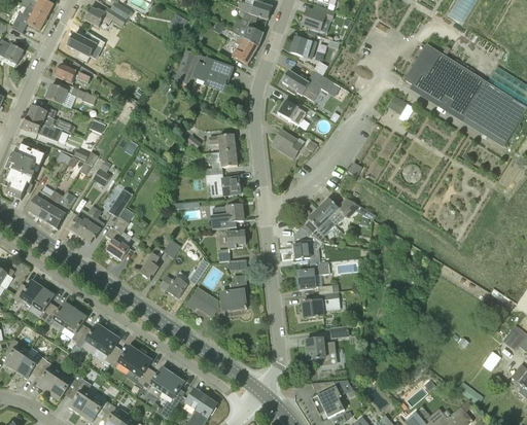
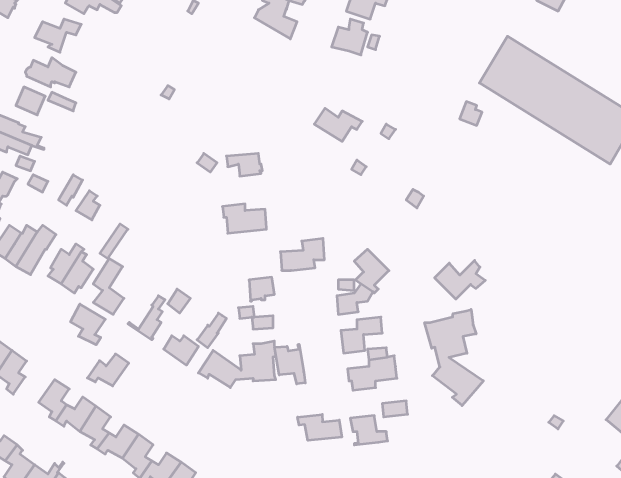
building: [227,30,258,65] -> none
building: [174,49,232,92] -> none
building: [282,70,333,101] -> none
building: [275,130,305,160] -> none
building: [205,150,237,176] -> none
building: [318,196,357,225] -> [435,260,485,299]
building: [209,205,243,229] -> [280,238,324,270]
building: none -> [71,304,105,345]
building: none -> [425,309,483,406]
building: none -> [275,344,305,384]
building: [44,303,76,327] -> [87,354,129,386]
building: none -> [298,414,342,440]

